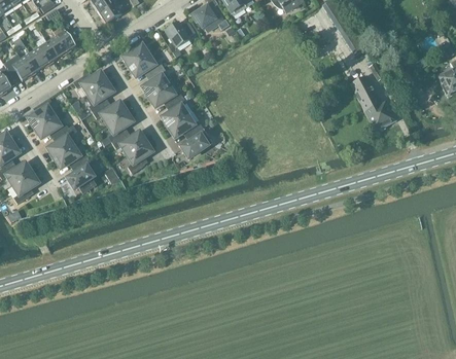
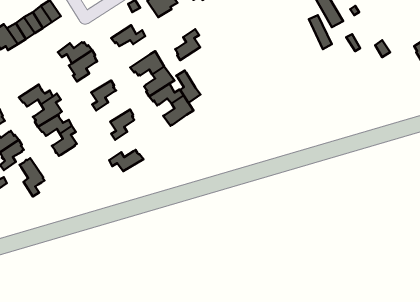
building: [124,36,148,68] -> none
building: [142,66,168,98] -> [175,29,200,60]
building: [350,75,396,131] -> none
building: [29,98,57,129] -> none
building: none -> [176,71,201,103]
building: [93,102,128,123] -> none
building: [112,132,147,153] -> [109,150,143,171]
building: none -> [19,158,45,196]

